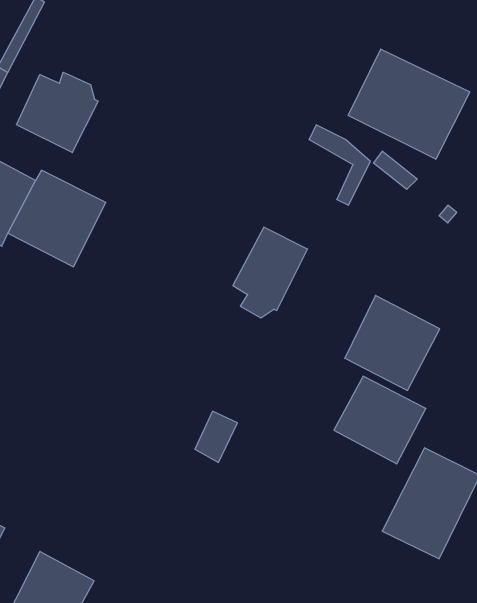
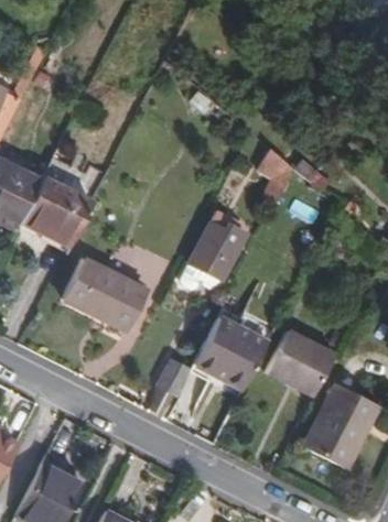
building: [348,49,470,159] -> none
building: [17,72,98,153] -> none
building: none -> [63,259,148,330]
building: [345,295,440,390] -> [195,315,267,387]

